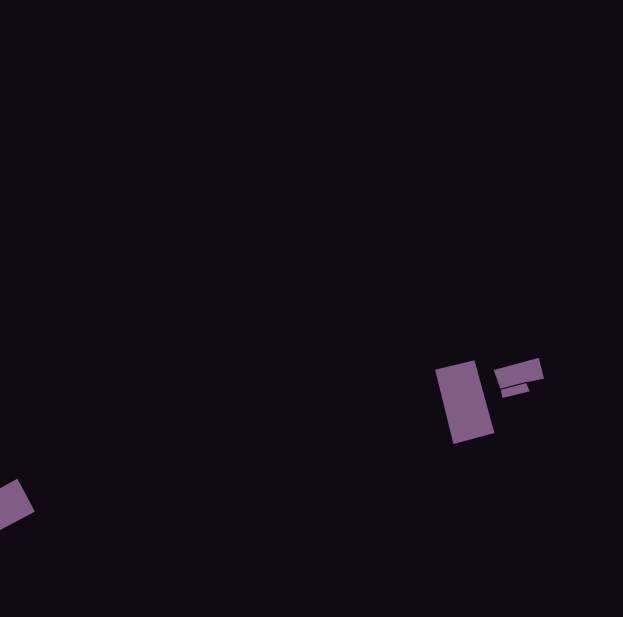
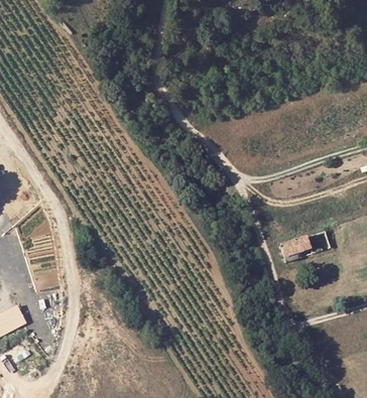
building: [434,359,495,445] -> none

